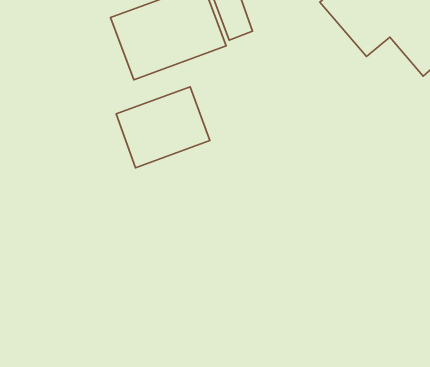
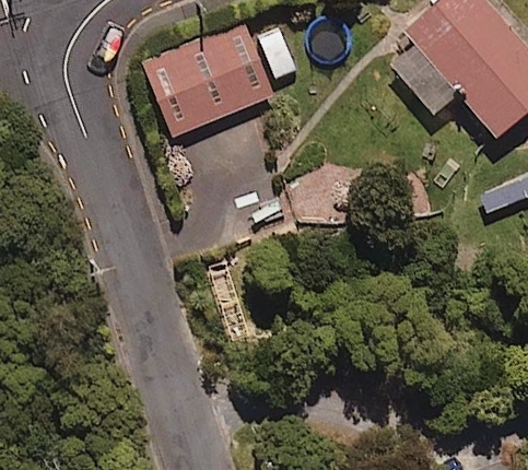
building: [116,87,210,168] -> none

